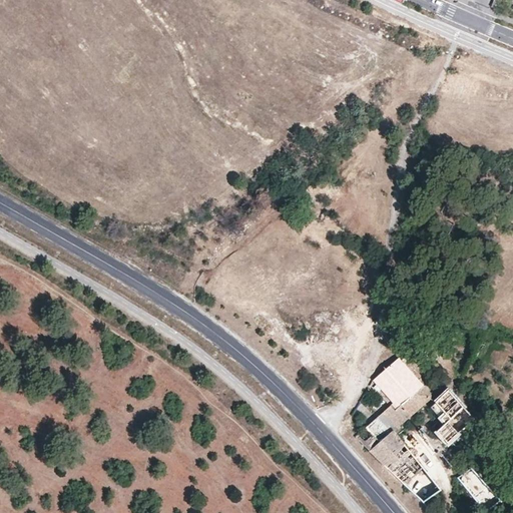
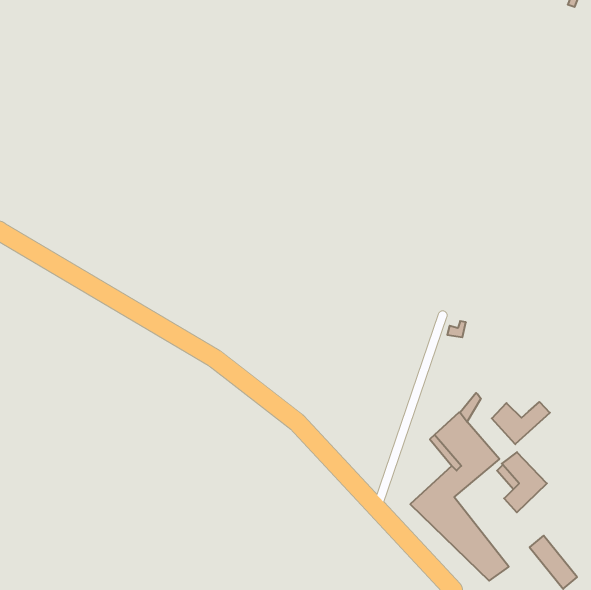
building: none -> [492,402,550,444]

